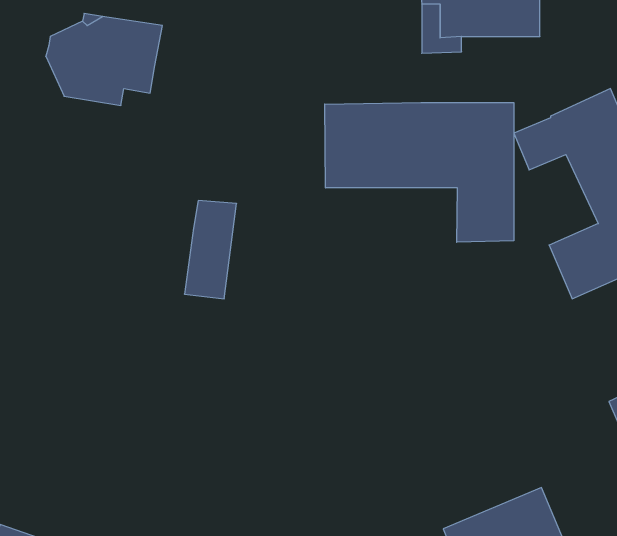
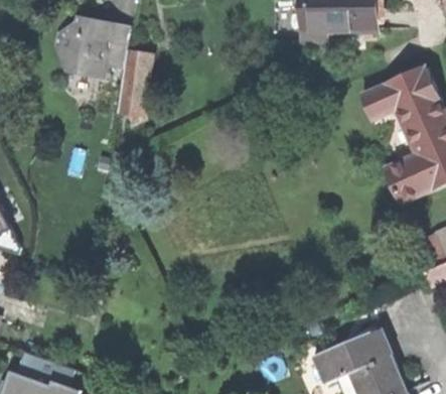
building: [325,103,514,242] -> none
building: [184,201,237,299] -> [116,51,150,116]

